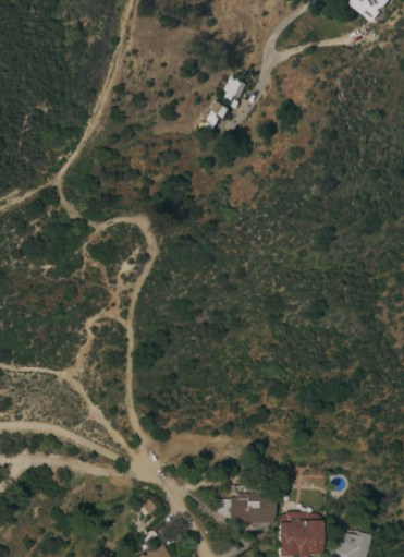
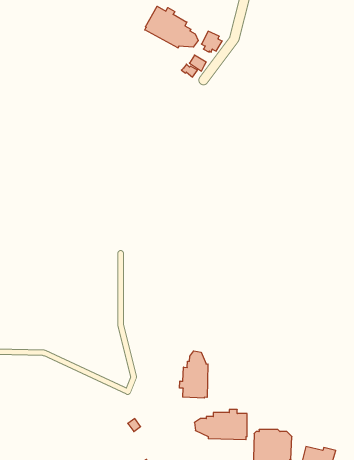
building: none -> [145,6,198,48]
building: none -> [180,351,208,398]

